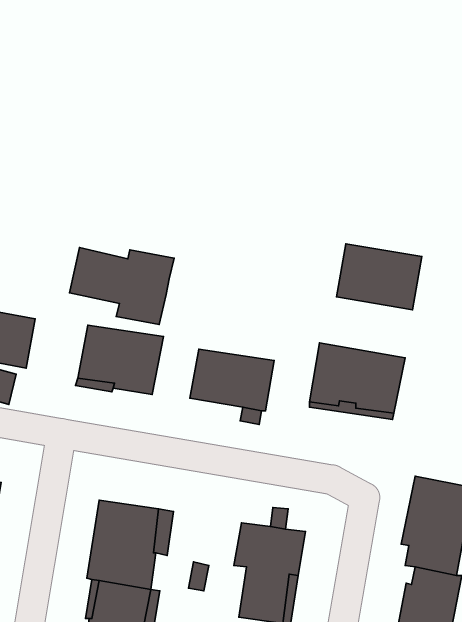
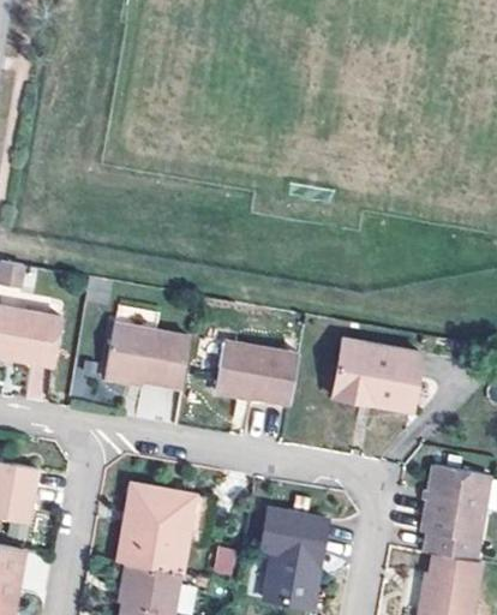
building: [337,244,422,310] -> none
building: [70,247,174,324] -> none

